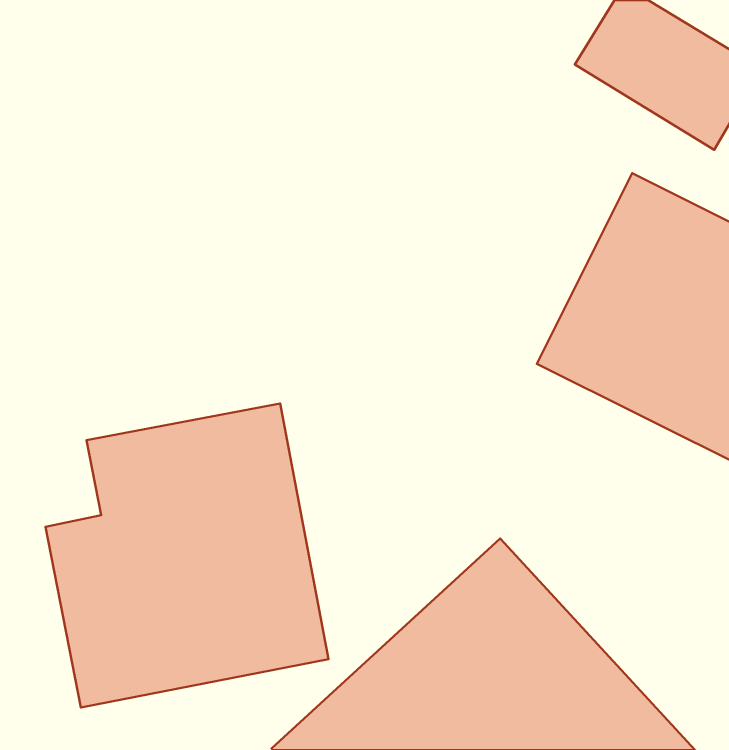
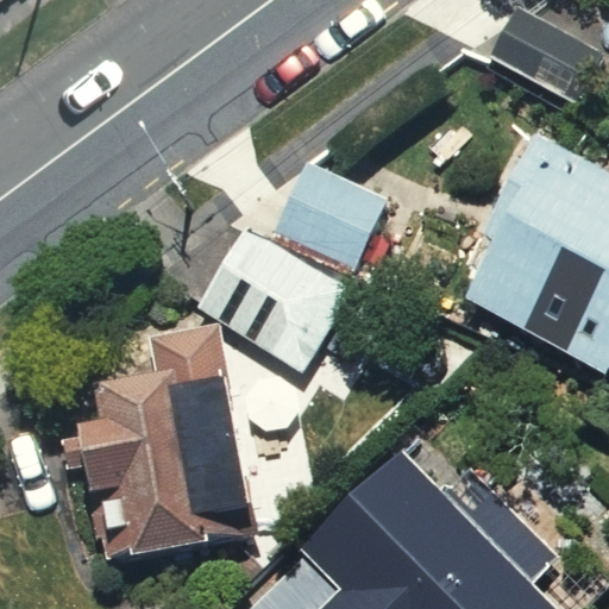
building: none -> [199,139,412,369]

